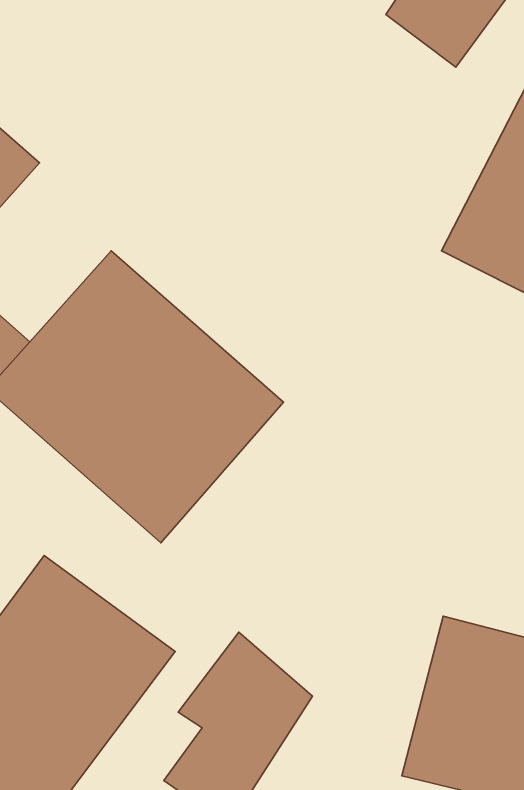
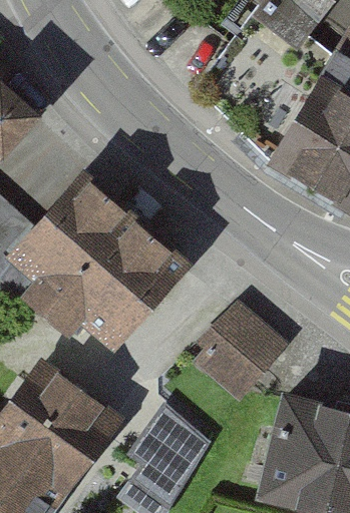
building: none -> [192,301,292,408]

